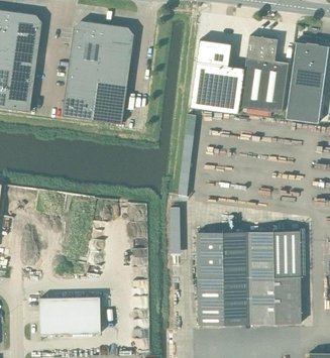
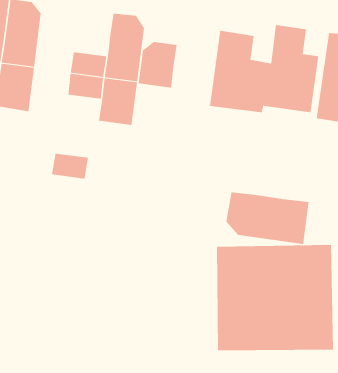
building: [70,21,105,63] -> [138,42,177,88]
building: [62,97,95,120] -> [51,153,89,179]
building: none -> [226,192,309,245]
building: [40,299,101,335] -> none

